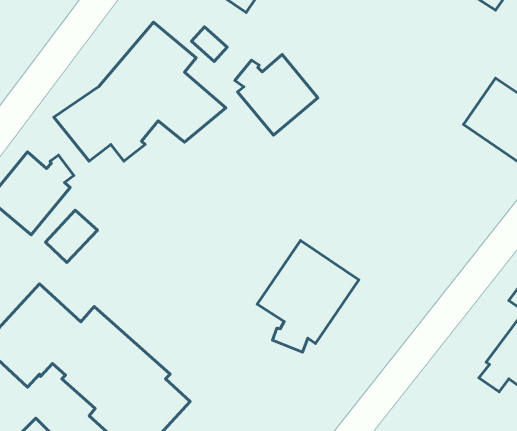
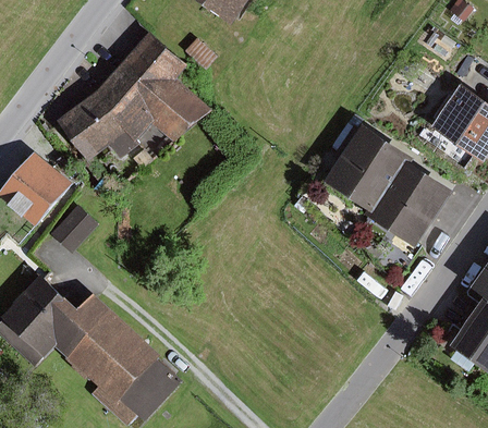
building: [235,55,318,135] -> none
building: none -> [326,122,455,248]
building: [257,241,359,352] -> none

